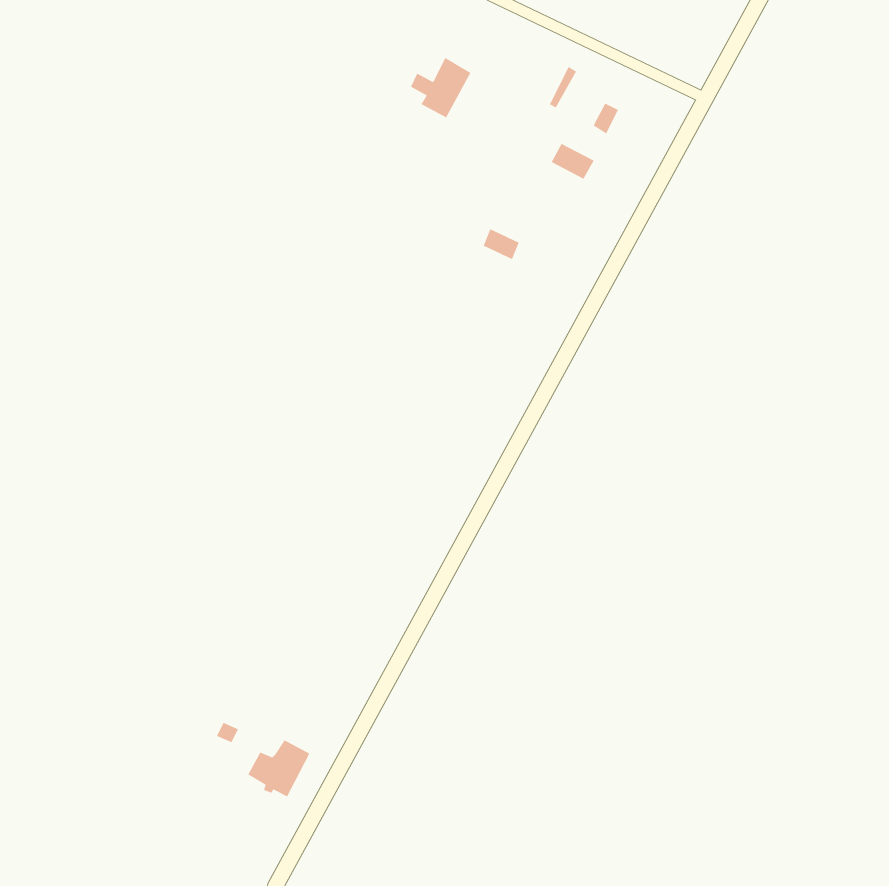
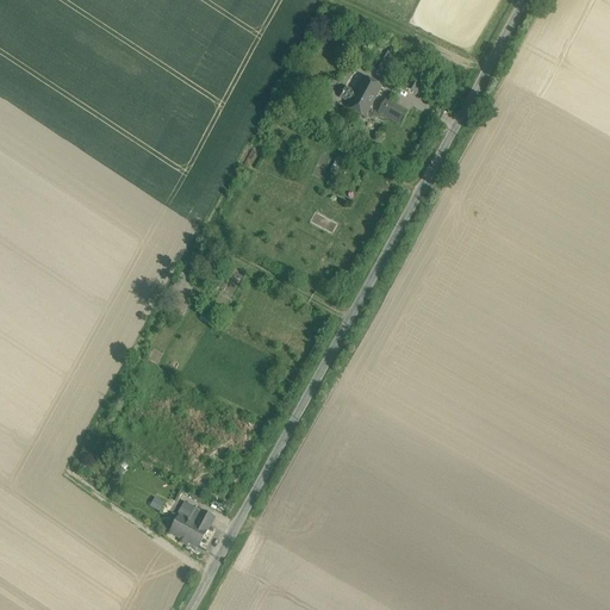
building: [410,57,471,118] -> [338,74,380,116]

